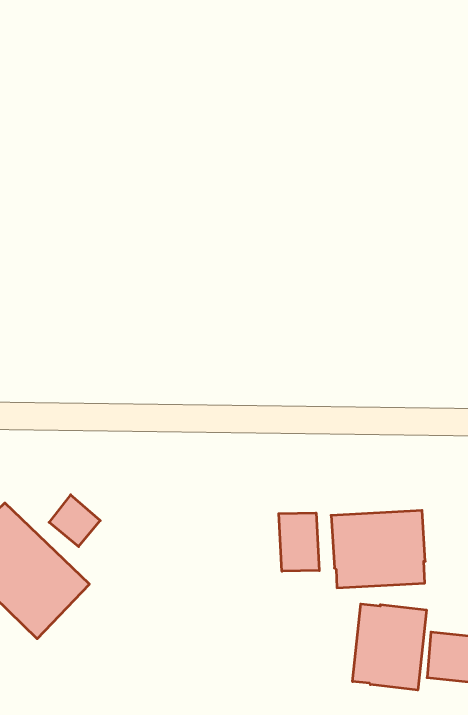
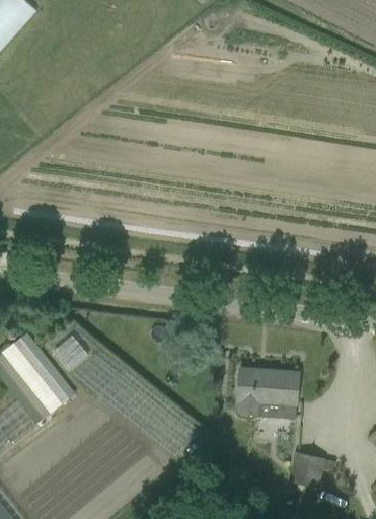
building: [279,513,319,571] -> none
building: [353,604,426,690] -> none

